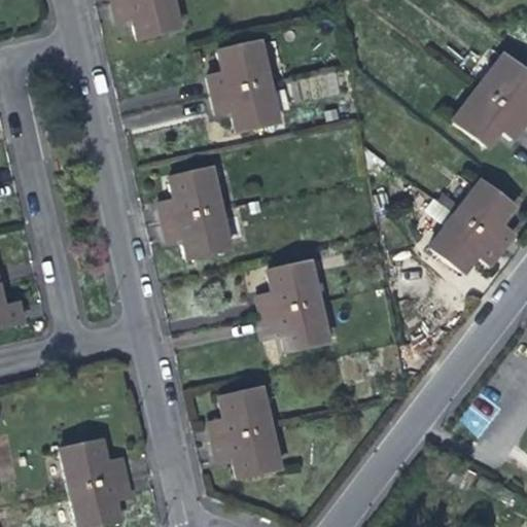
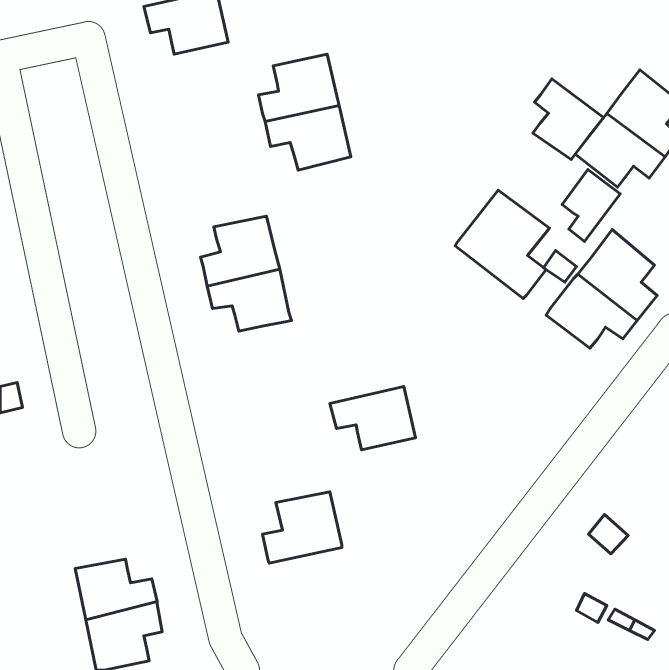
building: none -> [533,79,604,160]
building: none -> [562,170,620,242]
building: none -> [455,190,550,298]
building: [257,260,319,315] -> none
building: [214,427,279,475] -> none

